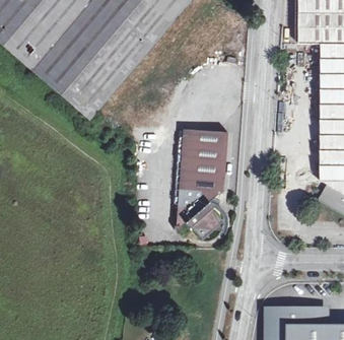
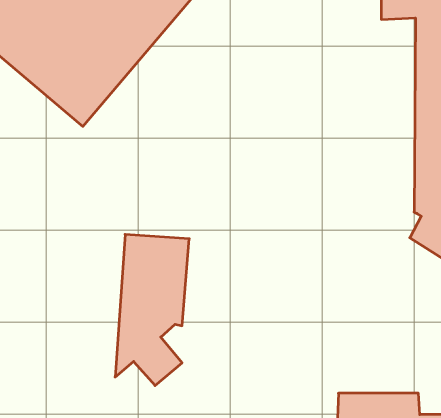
building: [177,127,229,234] -> [115,234,189,386]

